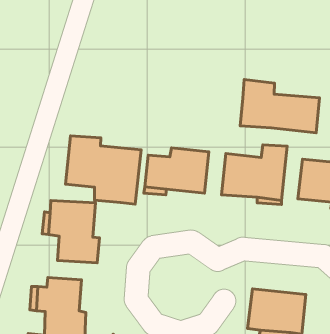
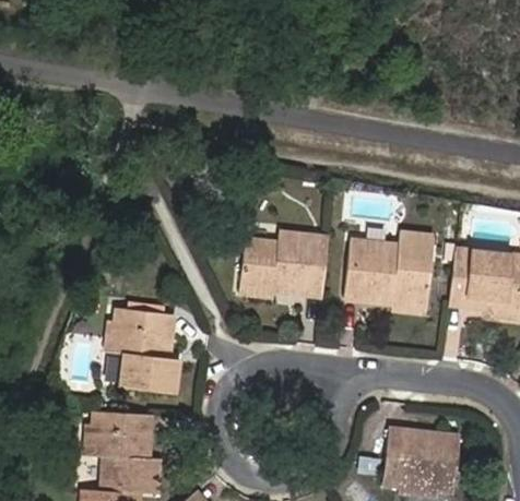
building: [240,80,319,133] -> none
building: [66,136,141,204] -> none

